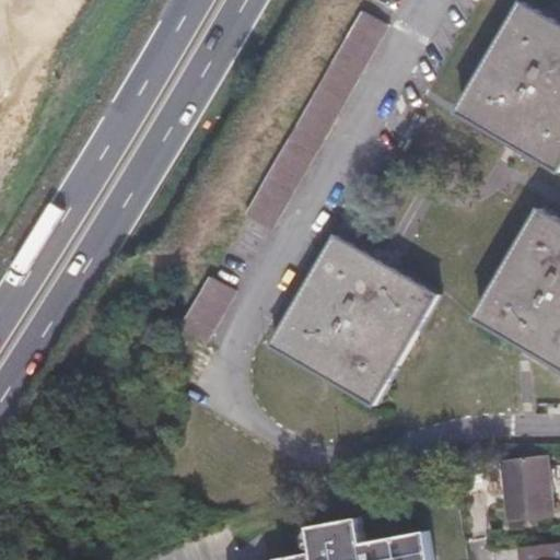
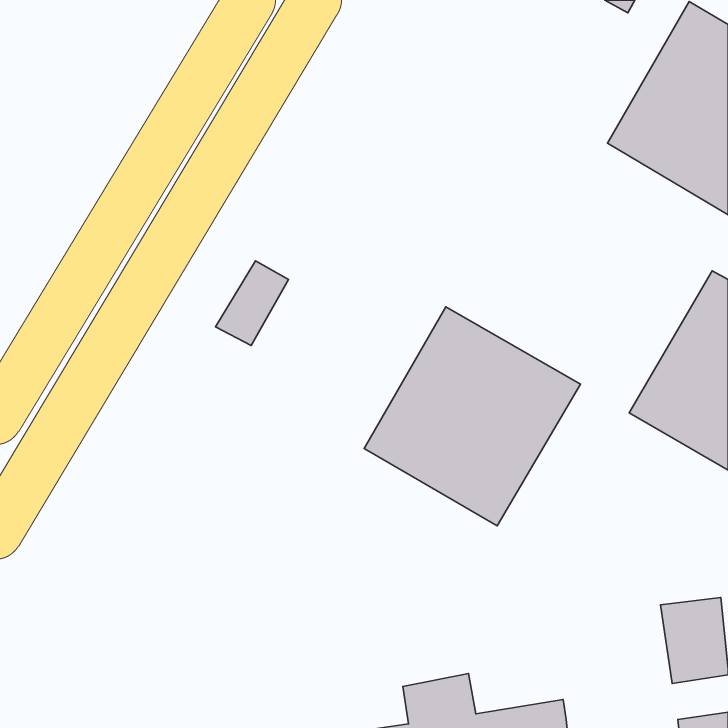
building: [241,13,382,229] -> none
building: [174,280,230,345] -> [215,261,288,345]

